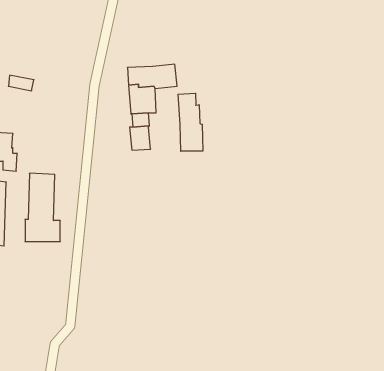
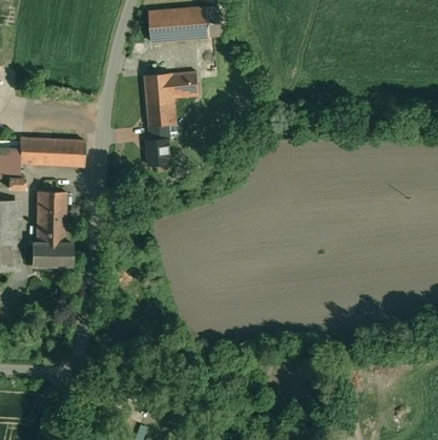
building: none -> [148,7,208,42]
building: [178,93,203,151] -> none
building: none -> [17,138,83,167]

